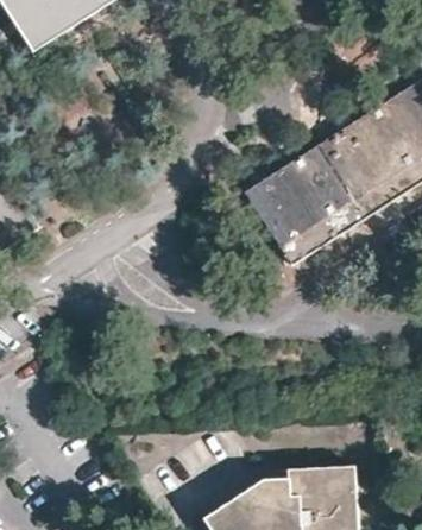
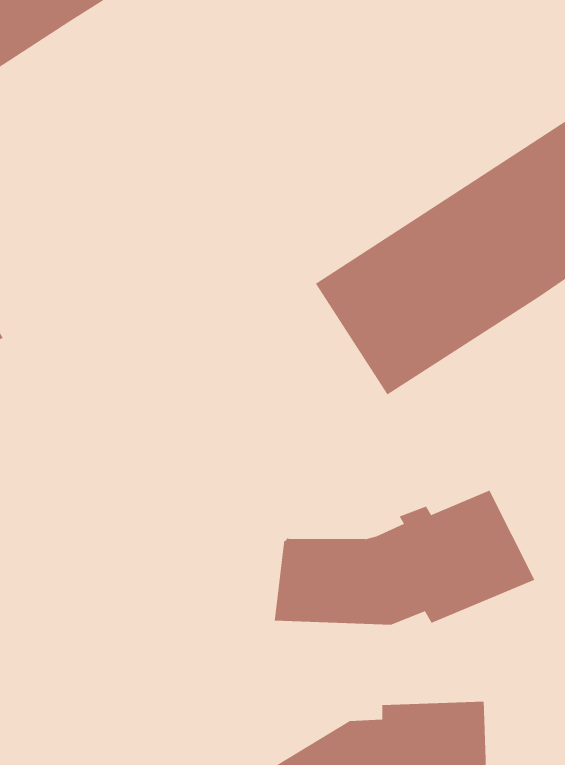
building: none -> [274,490,535,625]

